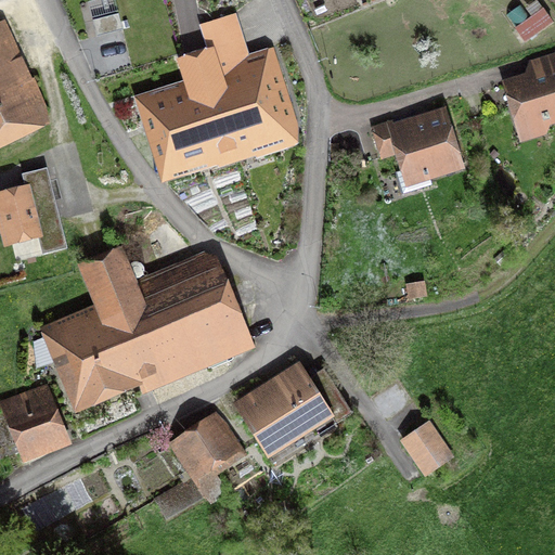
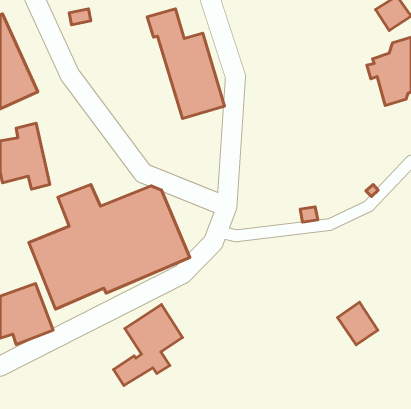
building: [134,49,246,183] -> none
building: [371,104,465,194] -> none
building: [232,361,353,460] -> none
building: [400,420,454,477] -> [338,302,378,345]

